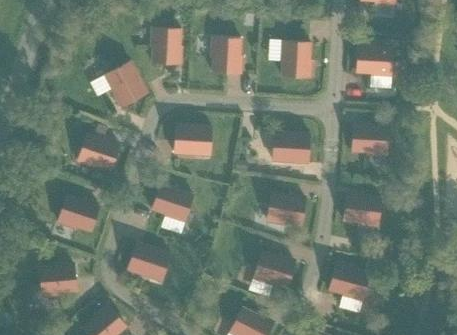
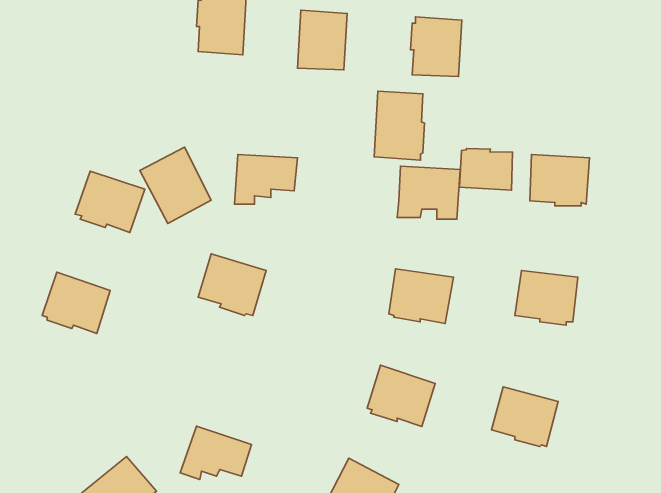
building: [356,45,392,77] -> none
building: [104,61,147,107] -> [140,147,211,223]
building: none -> [374,91,425,160]
building: none -> [459,149,513,190]
building: [127,242,170,274] -> [180,426,251,479]
building: [40,265,76,297] -> none

